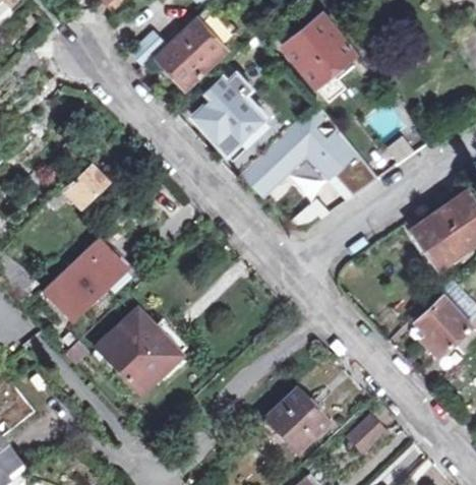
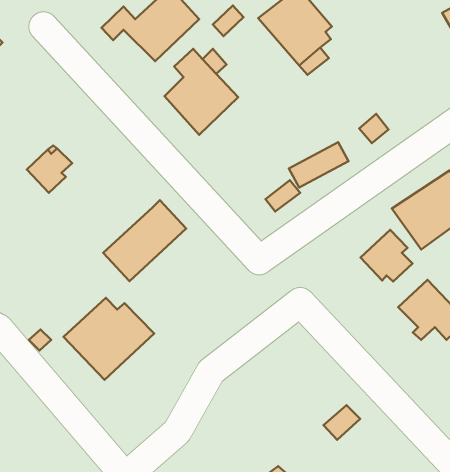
building: [242,111,354,196] -> none
building: [40,242,120,320] -> [103,200,186,281]
building: none -> [360,230,413,281]
building: [262,391,323,454] -> none

